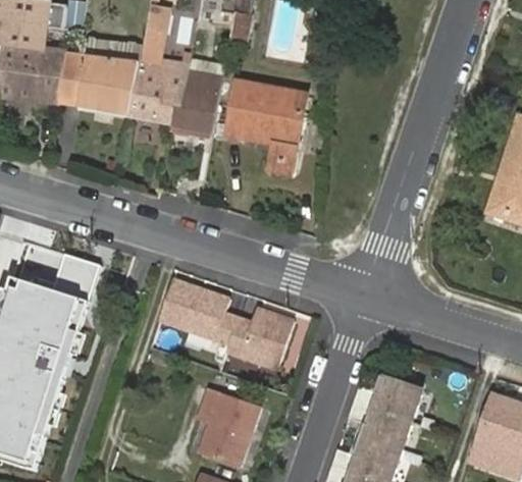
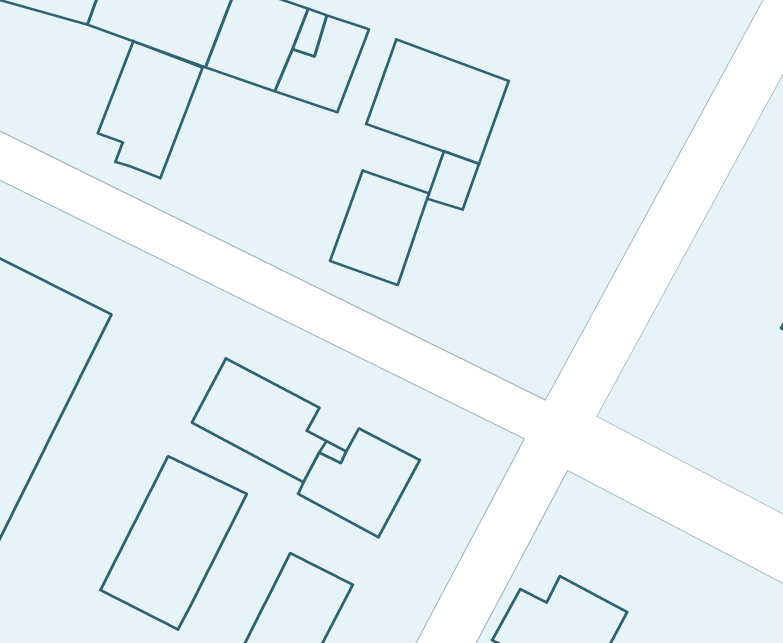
building: none -> [98,41,202,178]
building: none -> [330,170,429,285]
building: none -> [100,456,247,630]

